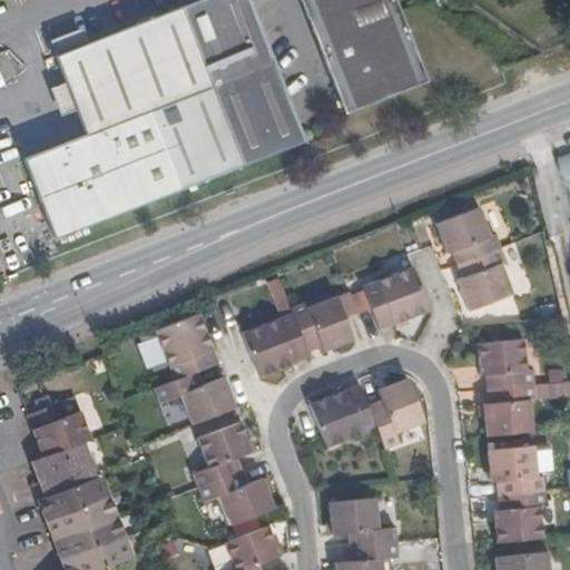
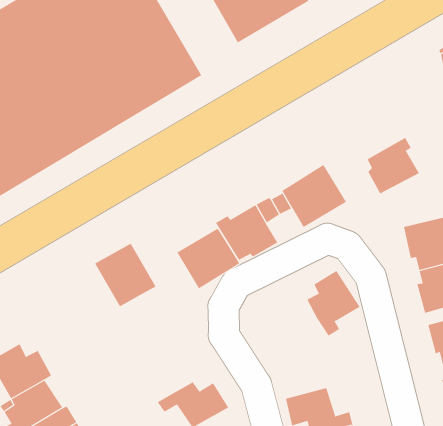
building: [436,208,502,265] -> none
building: [154,371,233,422] -> none
building: [308,382,379,443] -> none
building: [193,419,249,484] -> none

